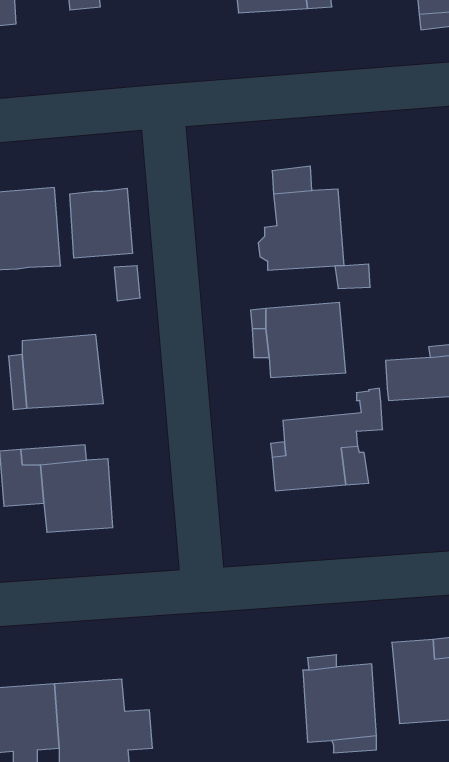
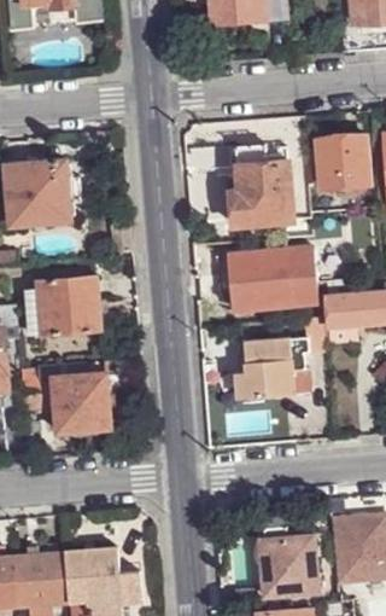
building: none -> [318,136,369,188]
building: [70,188,132,258] -> none
building: none -> [290,248,317,306]

